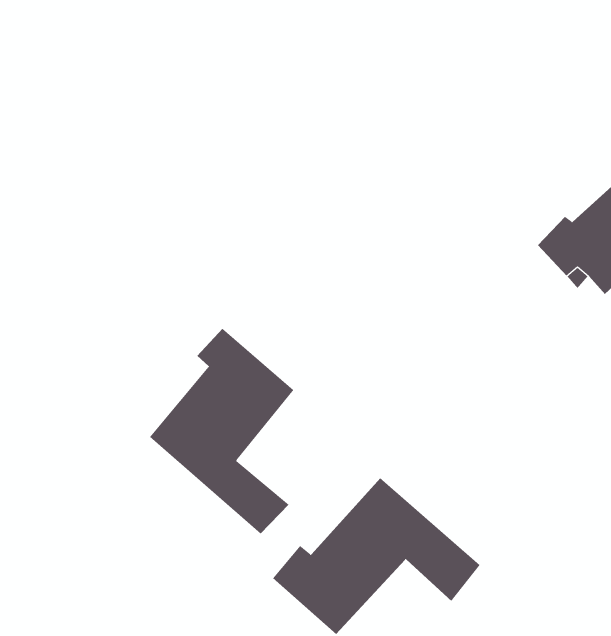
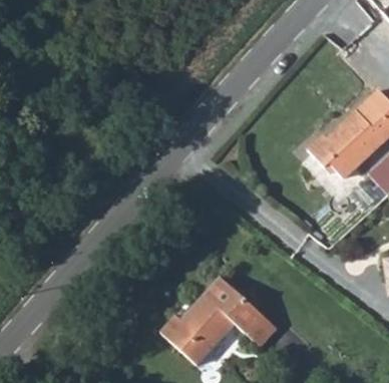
building: [149,328,294,534] -> none

